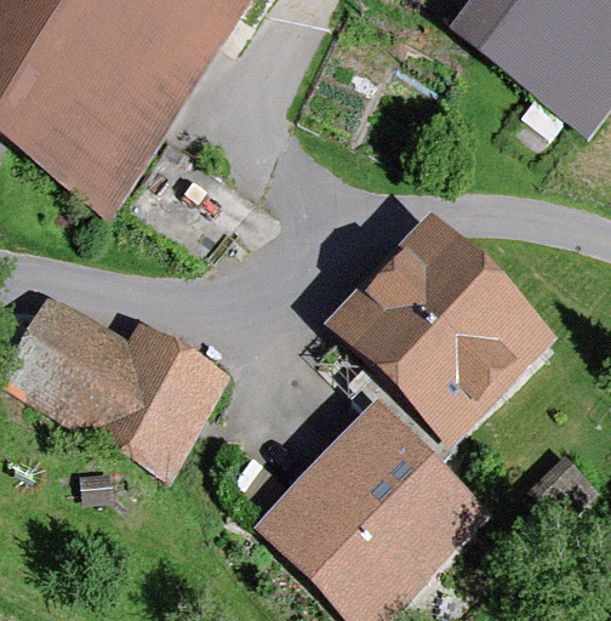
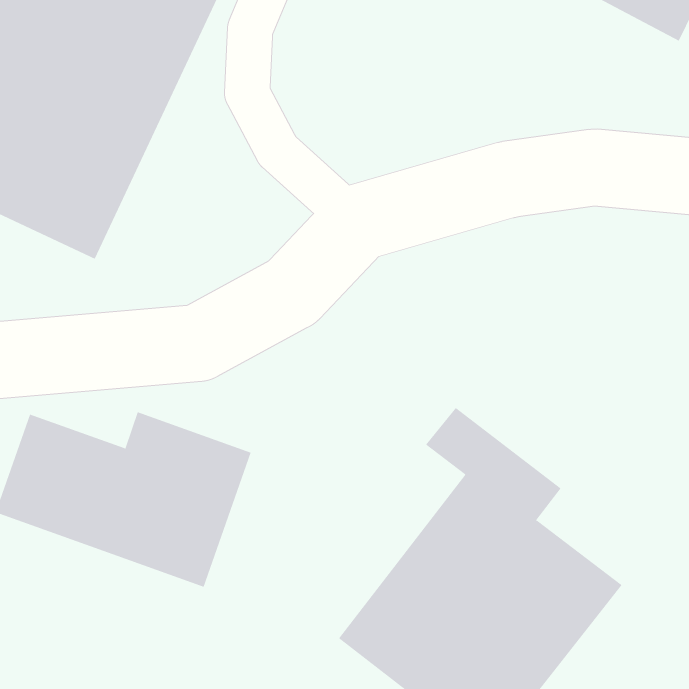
building: [335,230,538,434] -> none

